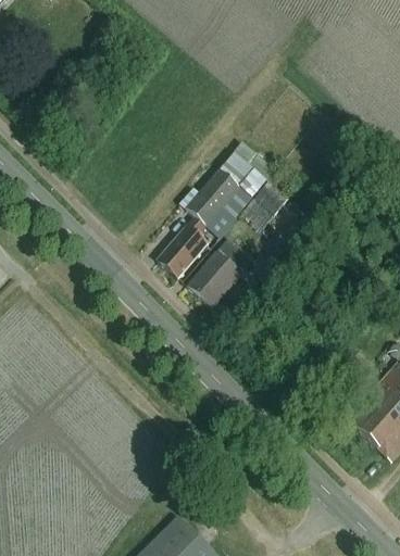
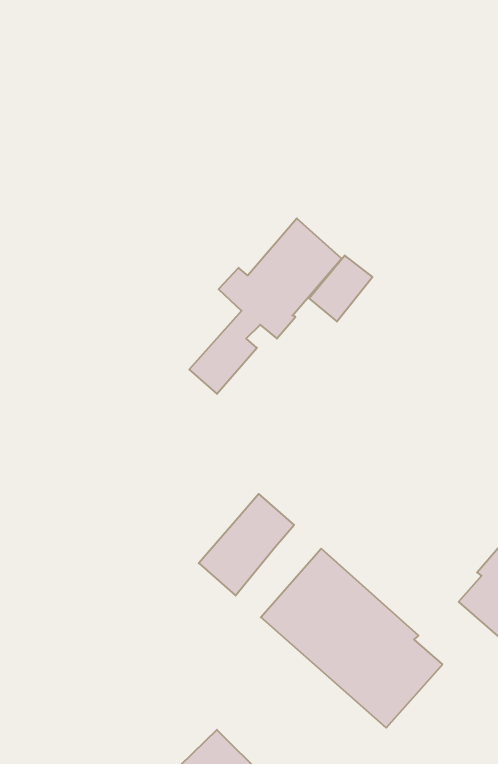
building: [187,237,254,308] -> [199,494,294,596]
building: none -> [261,549,442,728]

